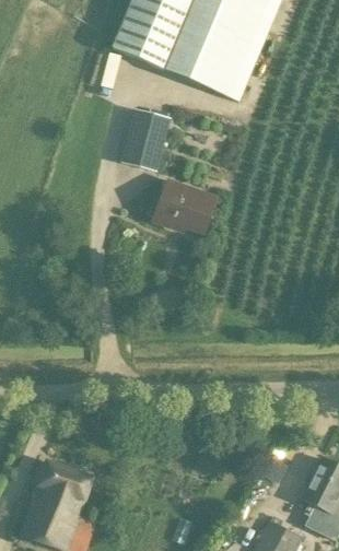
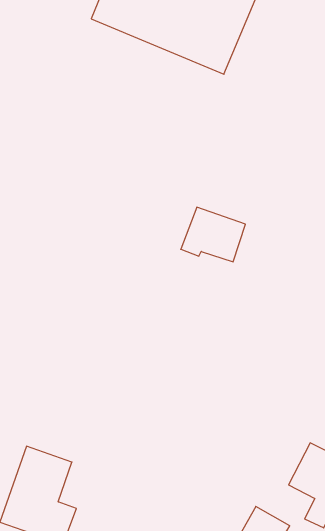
building: [120,108,171,171] -> none
building: [153,180,215,233] -> [181,207,245,262]

